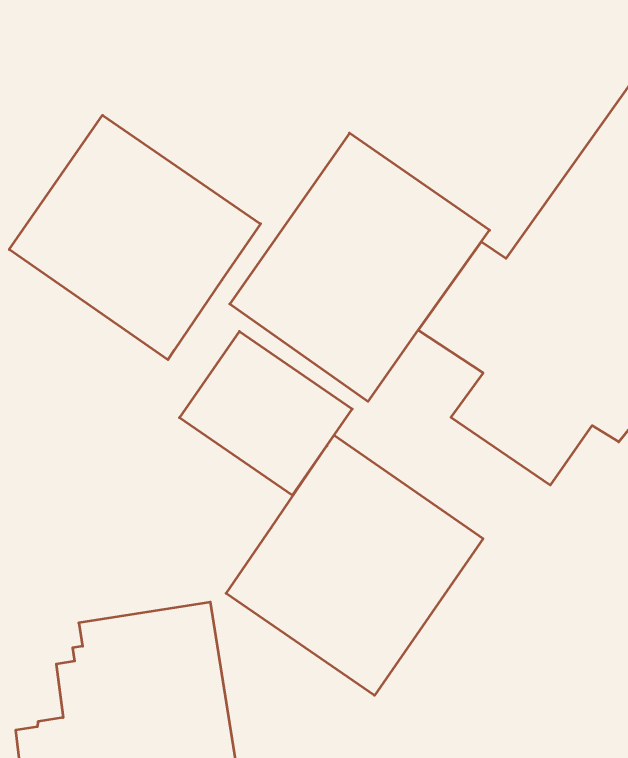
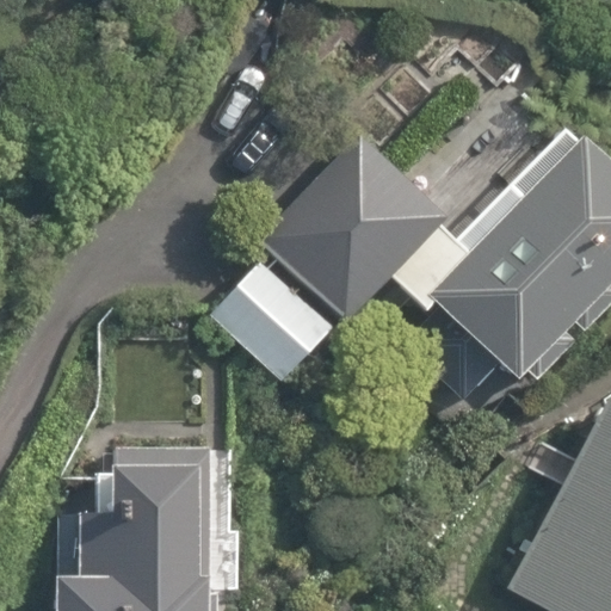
building: [9,115,261,360] -> none
building: [226,435,483,695] -> none

